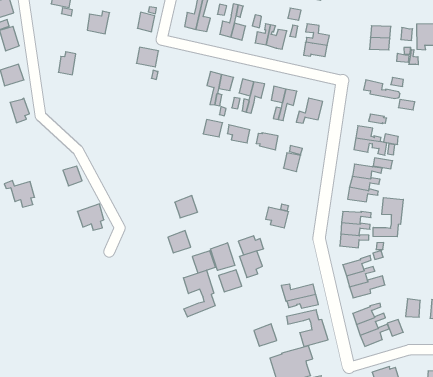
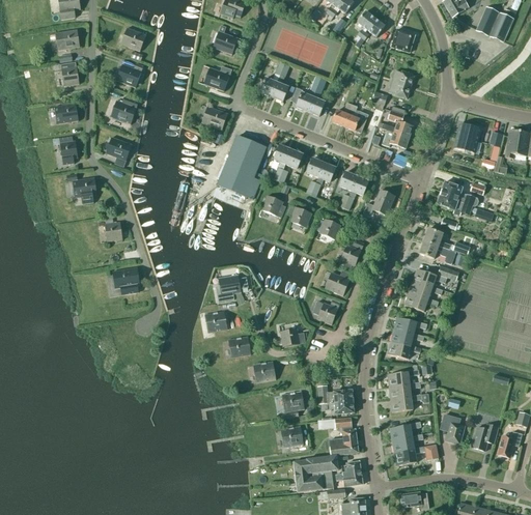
building: [87,11,110,34] -> [116,62,143,87]
building: none -> [217,136,266,198]
building: none -> [436,191,472,216]
building: none -> [105,137,132,161]
building: none -> [324,269,352,295]
building: [4,181,35,207] -> [66,173,96,203]
building: [373,198,403,237] -> none
building: [210,243,235,270] -> none
building: [239,251,262,278] -> [281,391,304,418]
building: [183,270,215,317] -> none
building: none -> [335,461,362,486]

